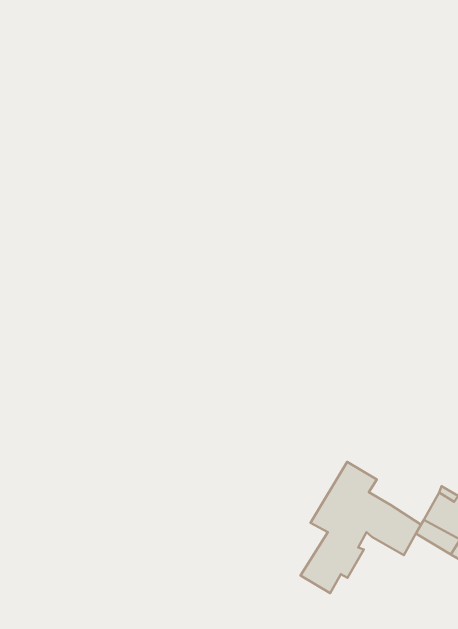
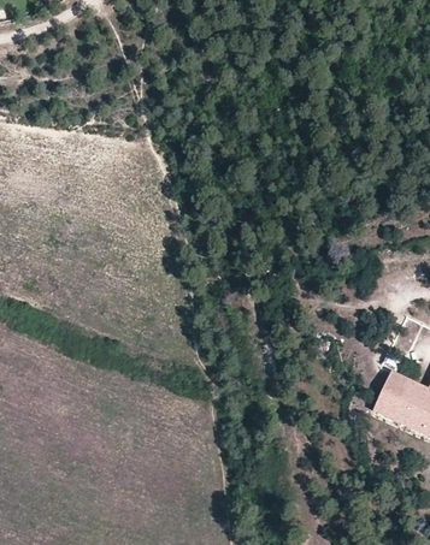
building: [301,462,421,593] -> none

